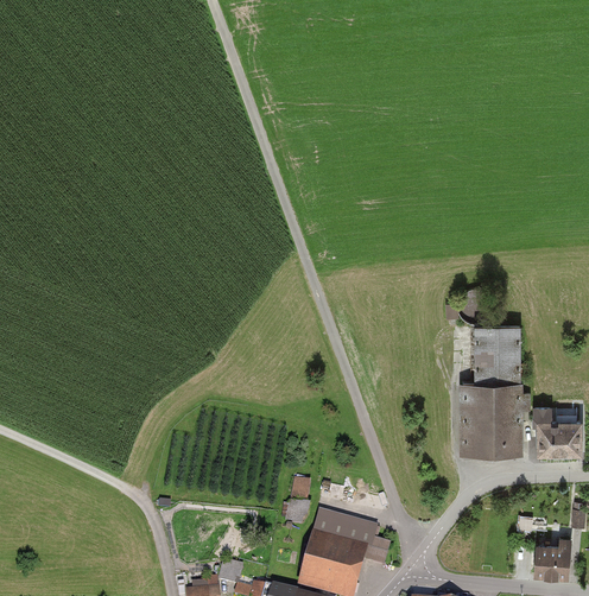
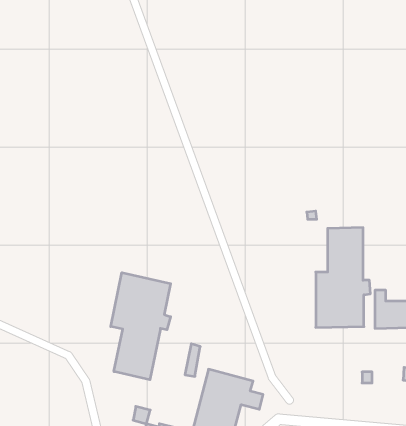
building: none -> [111,273,171,380]
building: [536,539,569,575] -> none

